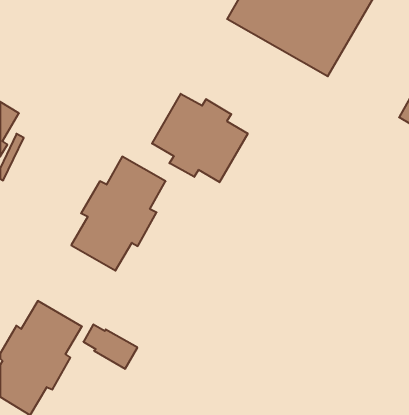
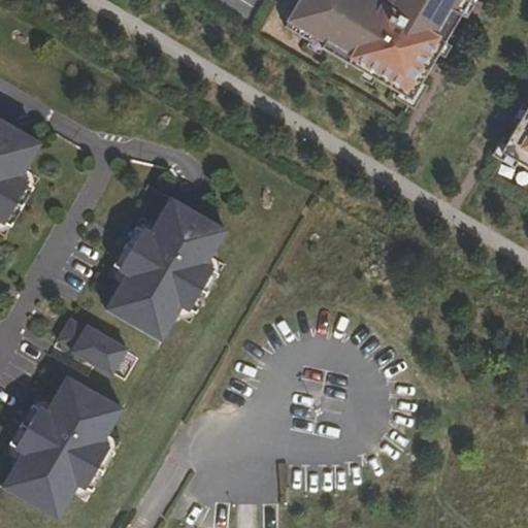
building: [152,94,248,182] -> none
building: [83,324,137,369] -> [62,319,130,374]

